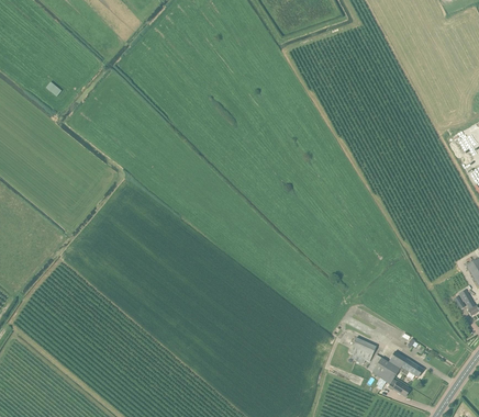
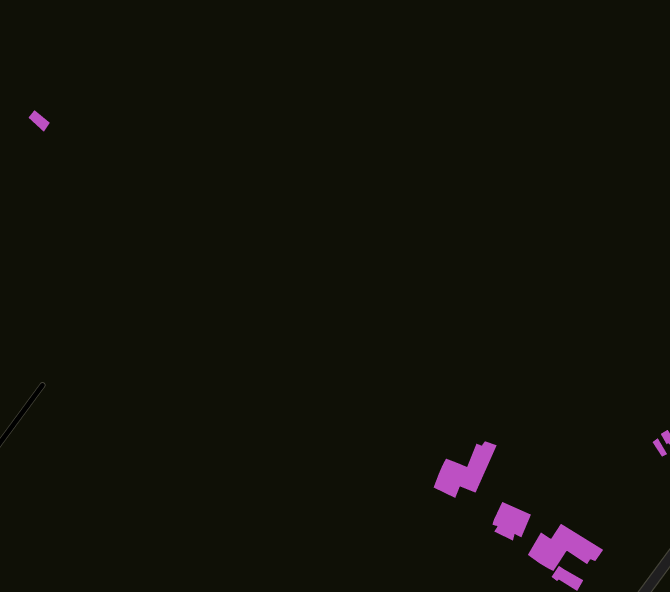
building: none -> [433,440,497,499]

